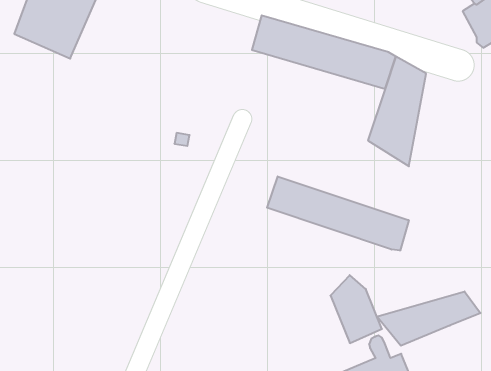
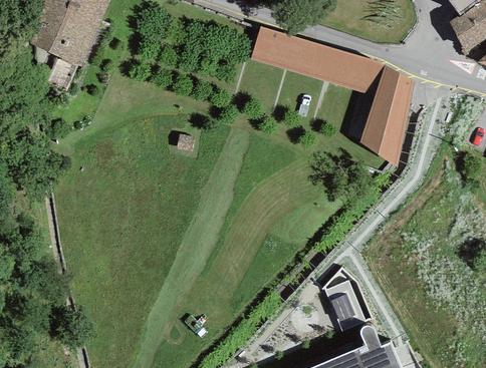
building: [267,176,409,251] -> none
building: [377,291,481,346] -> none

